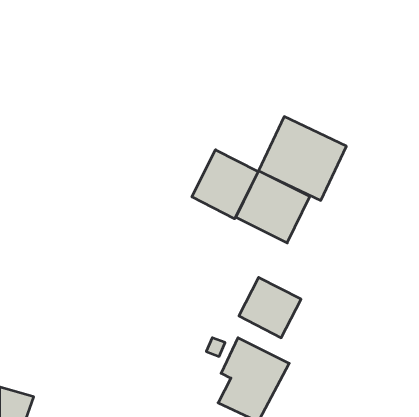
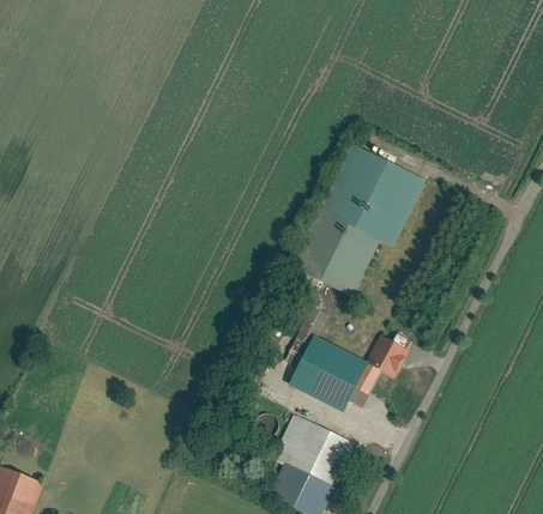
building: [192,150,258,219] -> none
building: none -> [368,338,406,377]

